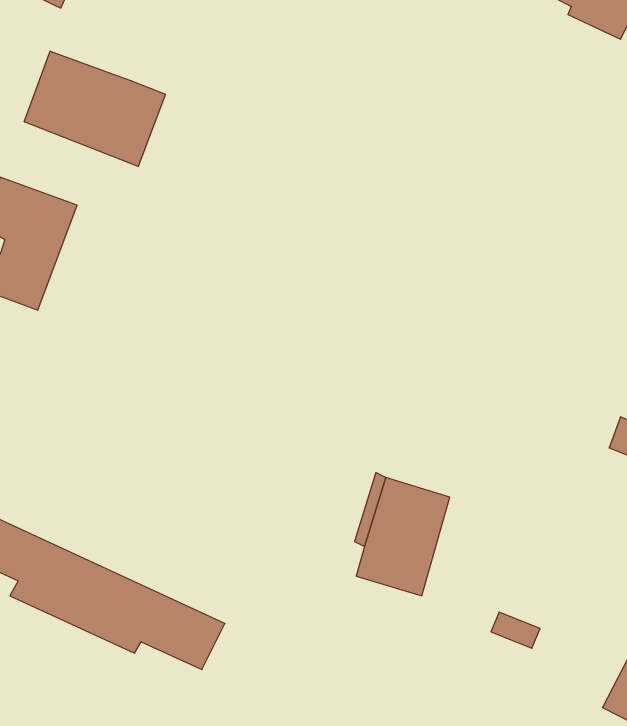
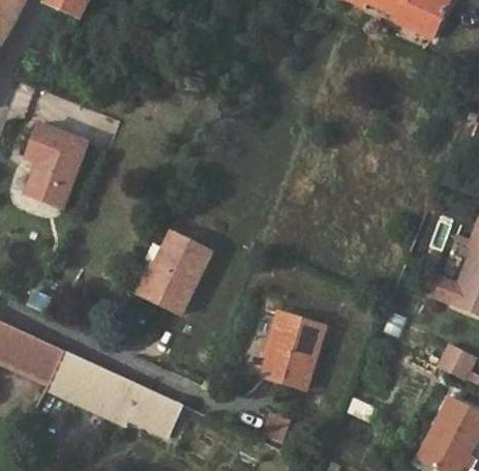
building: [24,51,165,167] -> none
building: none -> [136,231,209,314]

